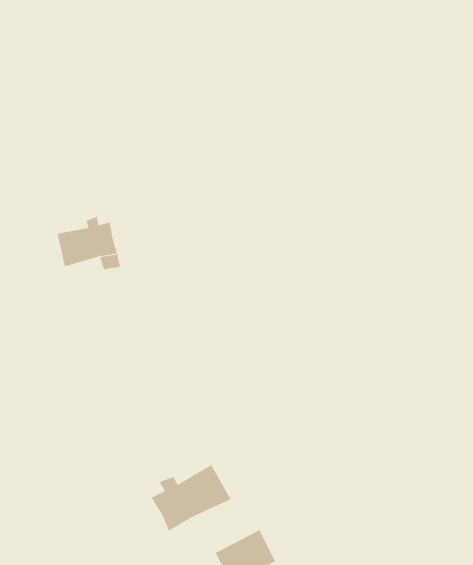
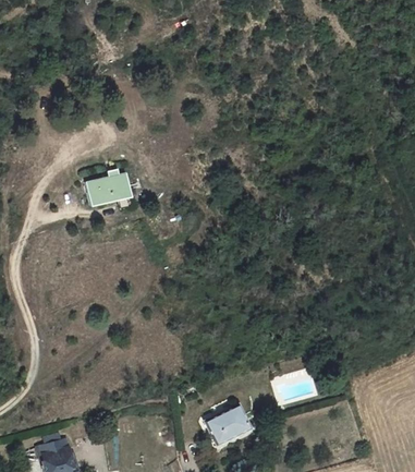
building: [151,464,231,532] -> none

